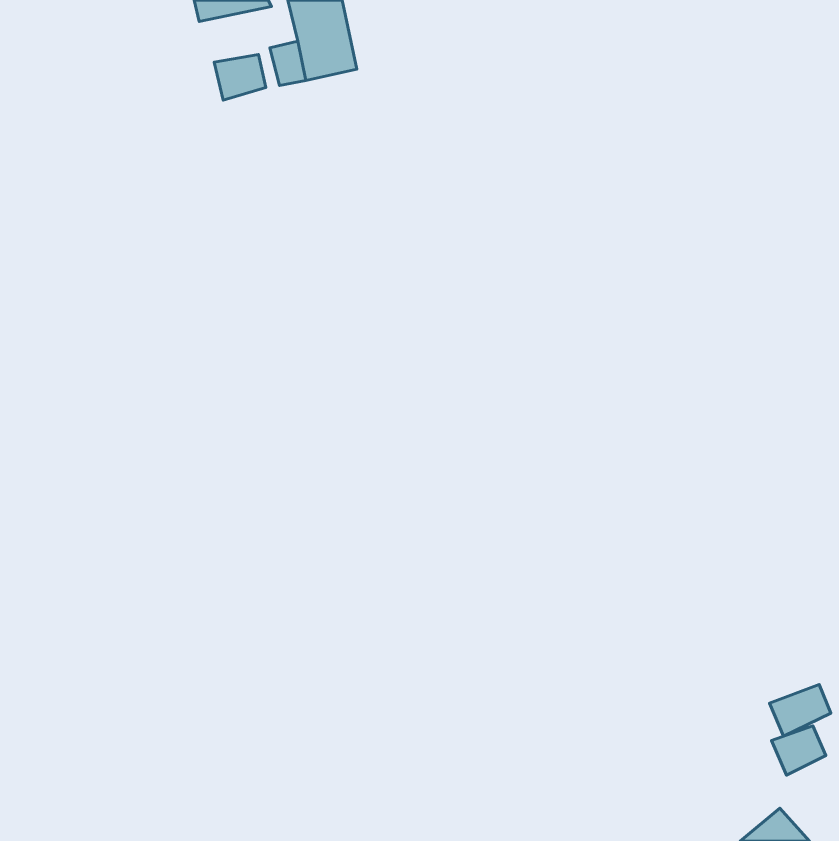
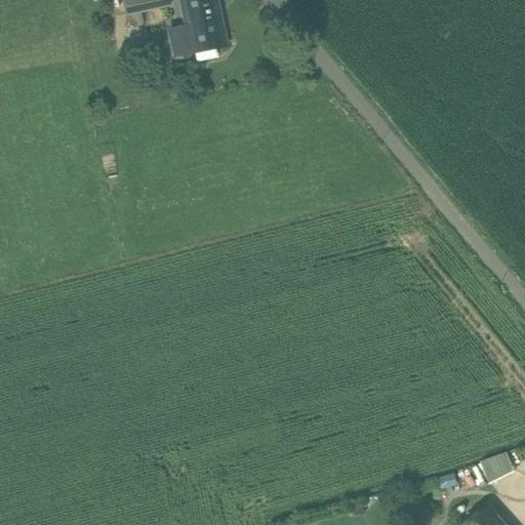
building: [214,55,266,100] -> none
building: [769,684,831,736] -> none

